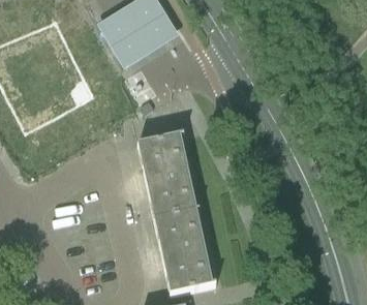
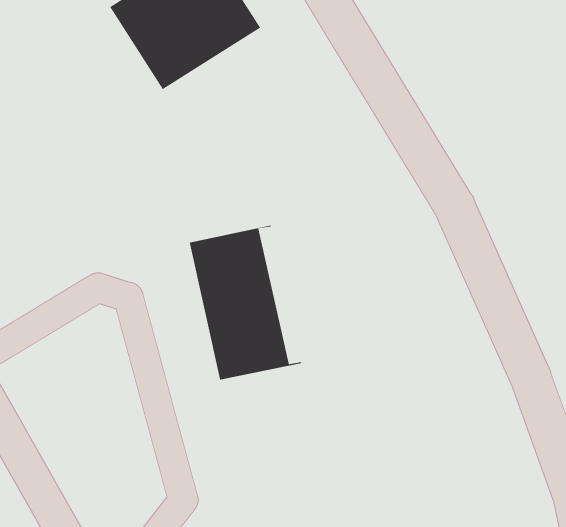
building: [156,212,217,296] -> none

